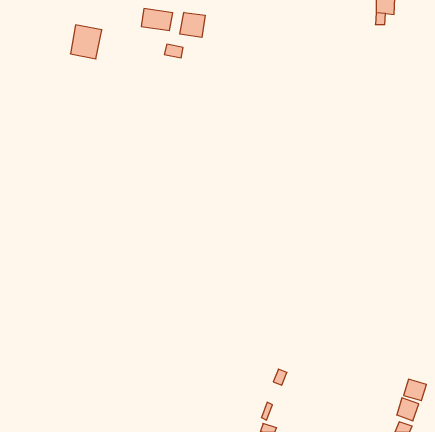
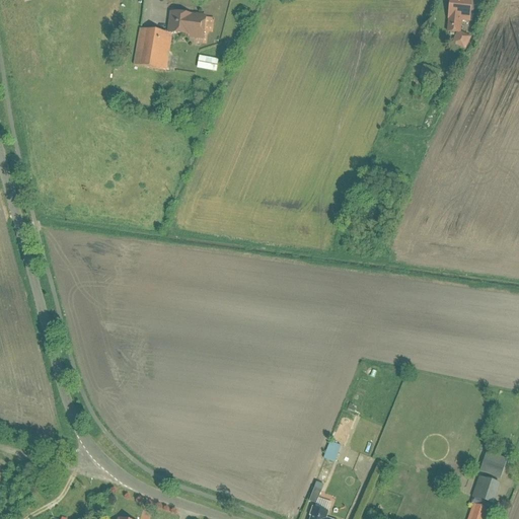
building: [180,12,205,37] -> none
building: [70,25,102,59] -> [134,27,171,68]

